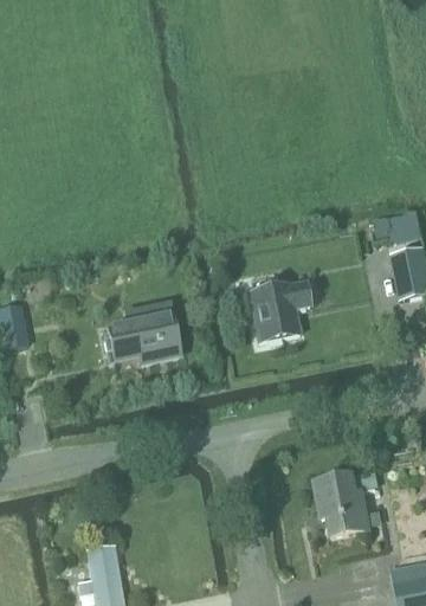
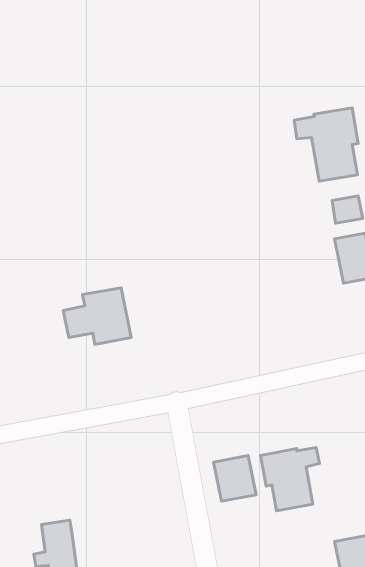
building: none -> [294,108,358,181]
building: [249,281,310,342] -> none
building: none -> [214,456,256,501]

